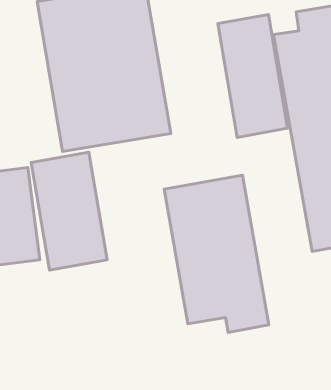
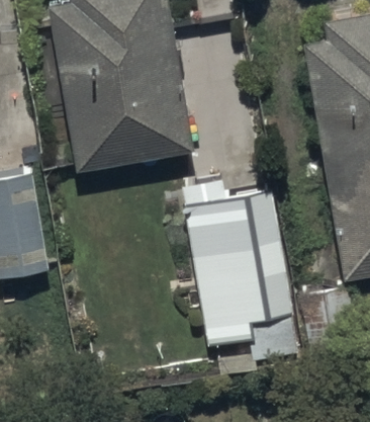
building: [218,14,288,138] -> none
building: [31,152,107,270] -> none

